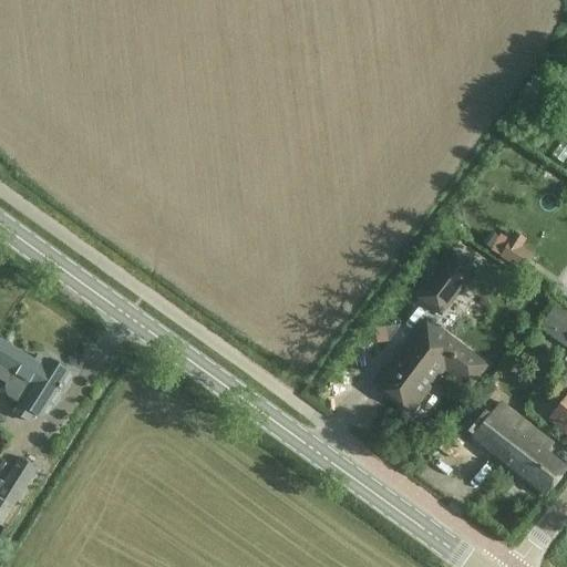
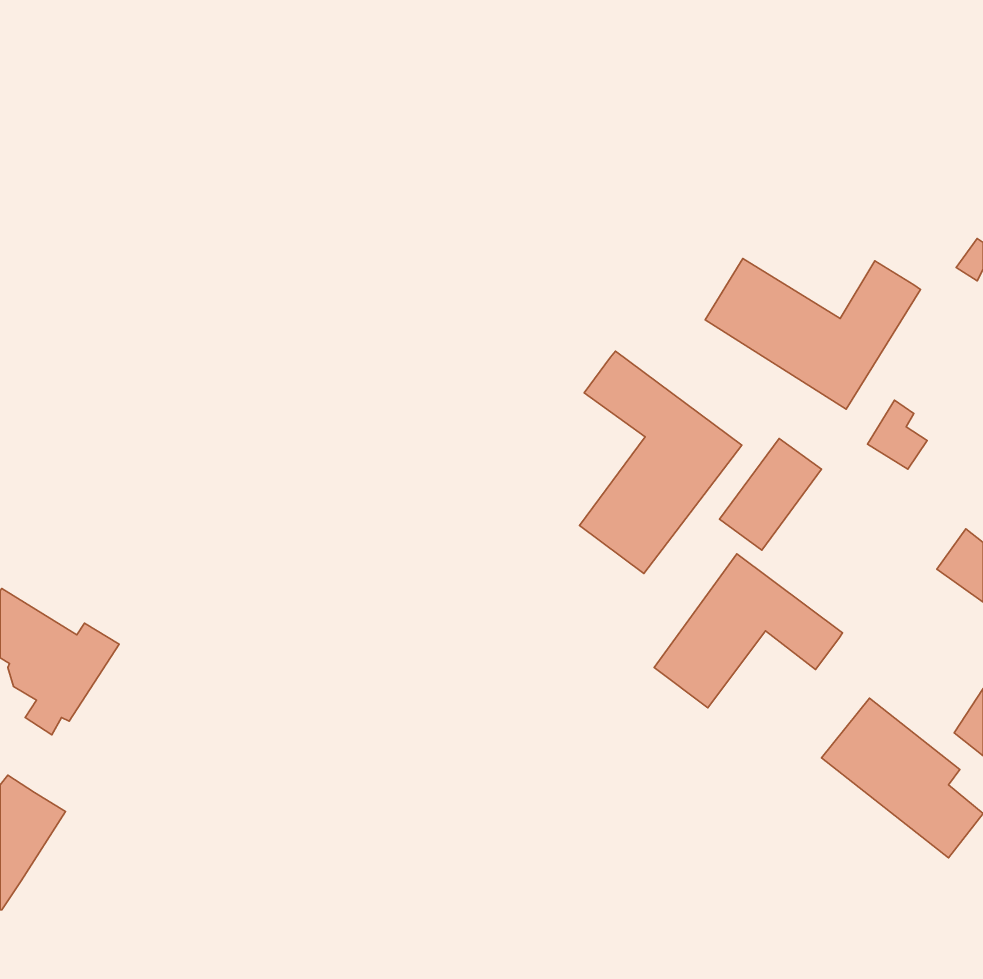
building: none -> [705,259,920,409]
building: none -> [579,351,742,573]

